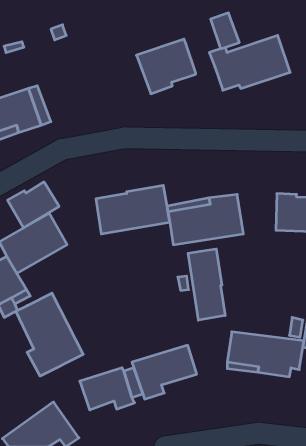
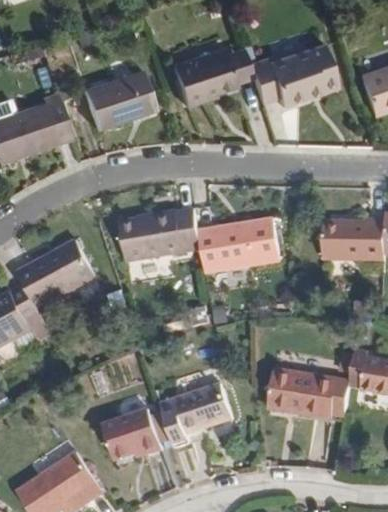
building: [211,13,239,49] -> [223,43,255,83]
building: none -> [85,70,154,128]
building: [8,182,59,228] -> none
building: [188,249,225,320] -> none
building: [16,293,83,376] -> none

